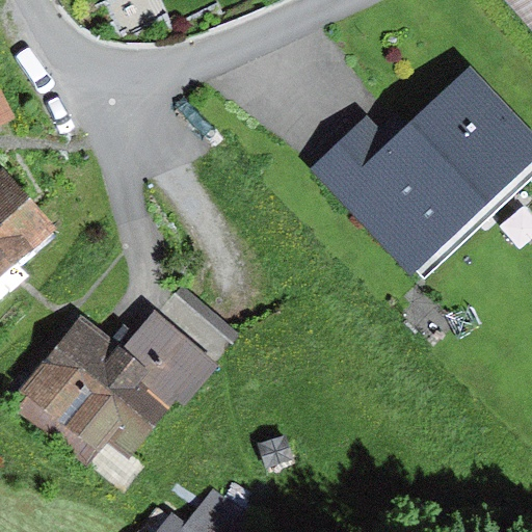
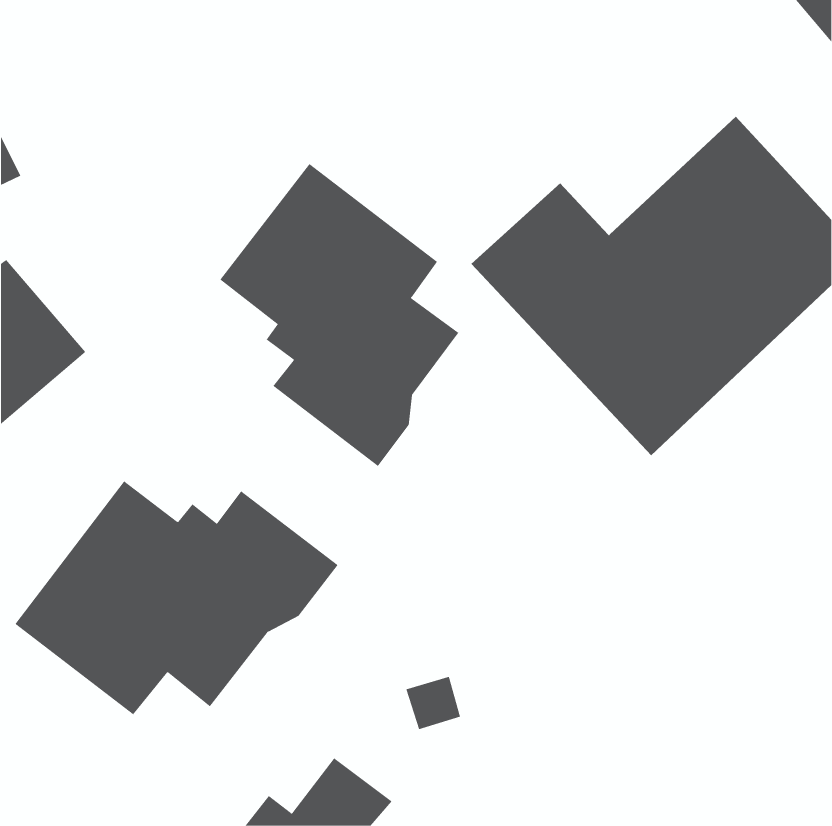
building: none -> [219,163,459,467]

